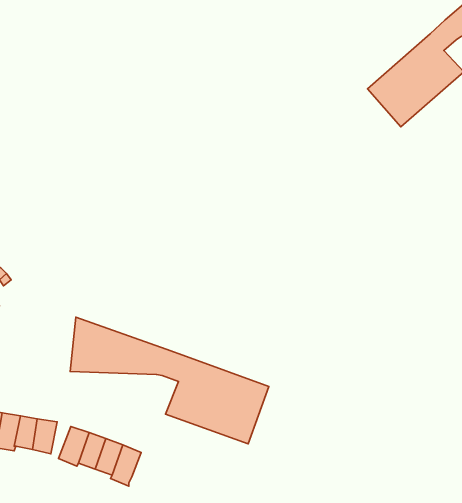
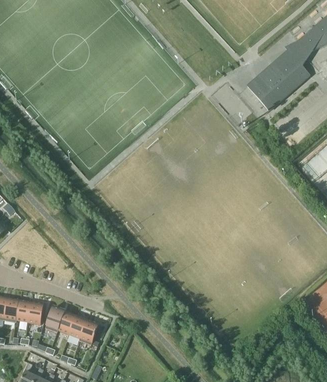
building: [70,317,269,444] -> none

